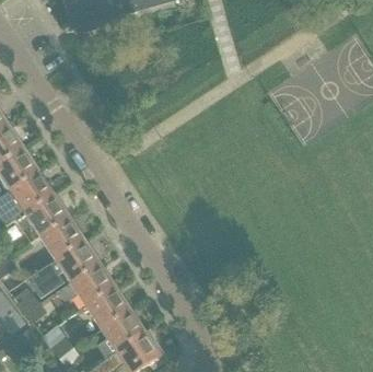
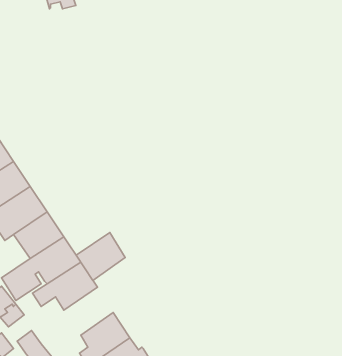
building: [84,284,129,328] -> [76,232,125,280]

